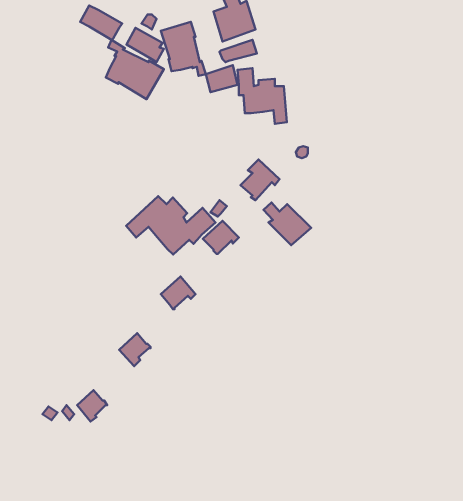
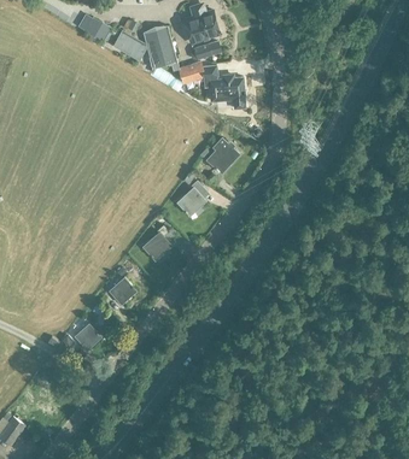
building: [106,40,164,99] -> none
building: [126,196,215,255] -> none
building: [264,202,311,245] -> none

